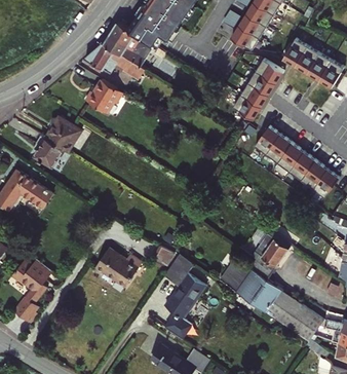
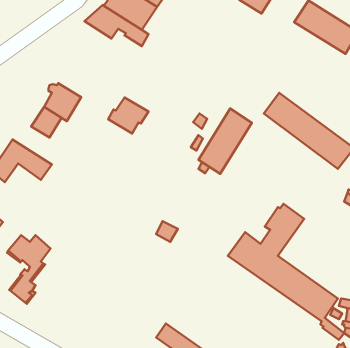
building: [233,58,283,119] -> [199,109,252,174]
building: [84,79,122,113] -> [108,97,148,133]
building: [95,248,142,288] -> none
building: [163,252,205,340] -> none

